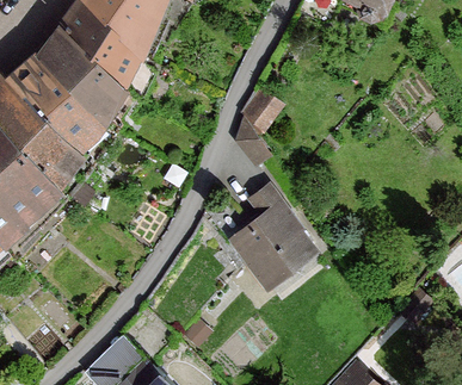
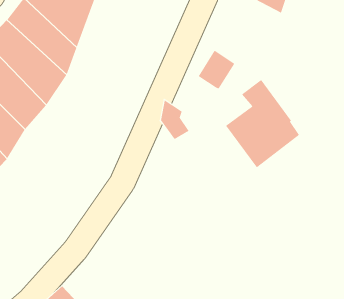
building: [239,88,283,135] -> [198,50,235,89]
building: [223,184,312,288] -> [225,79,300,168]

